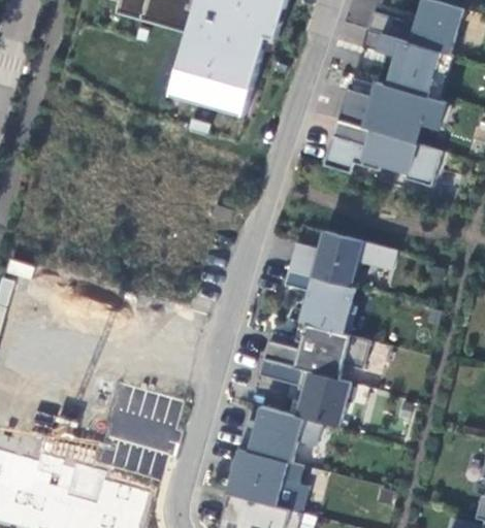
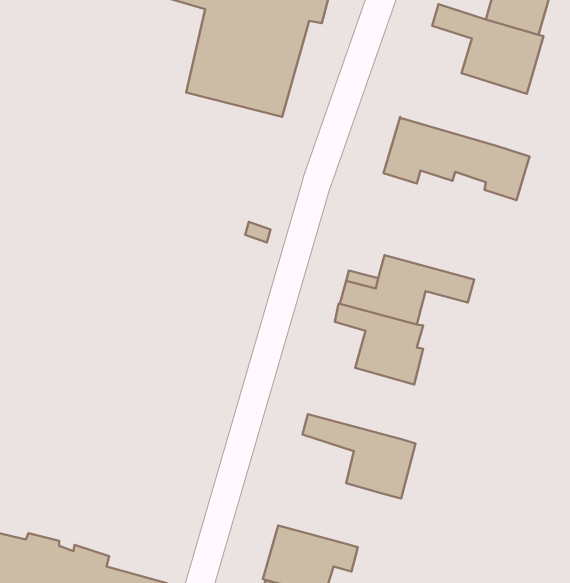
building: [338,81,447,142] -> none
building: [263,321,370,378] -> none
building: [239,405,323,462] -> none

